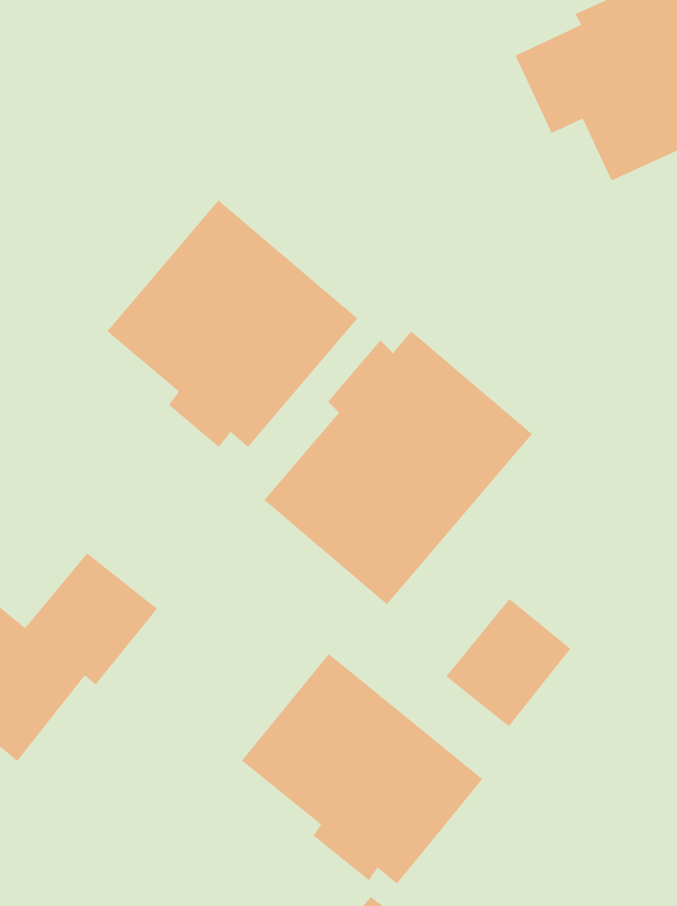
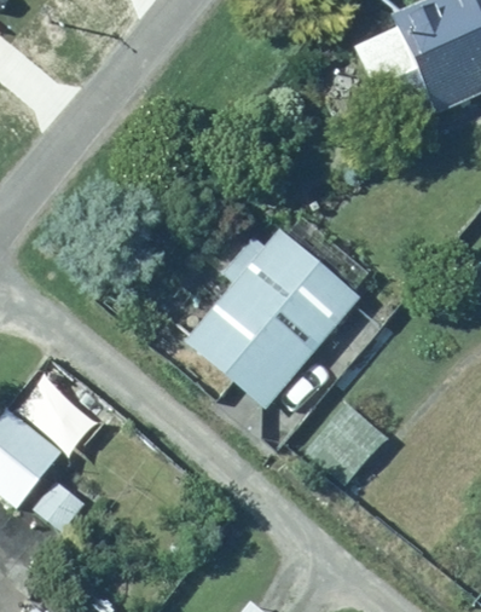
building: [107,200,358,448] -> none
building: [241,653,483,885] -> none

